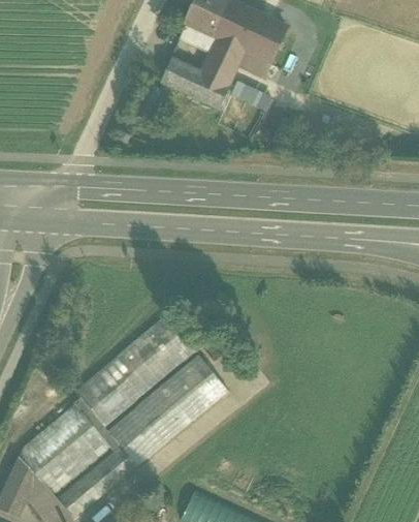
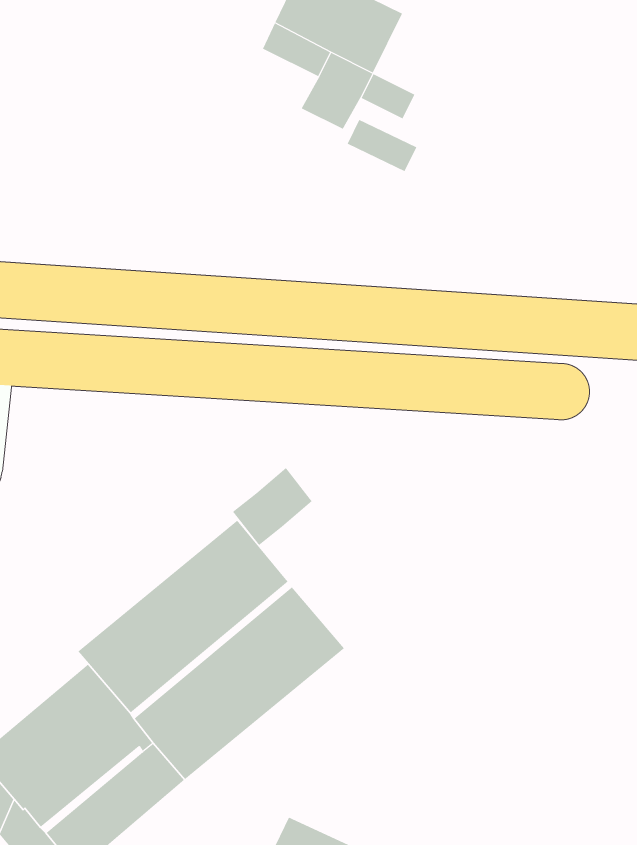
building: [245,18,287,65] -> none
building: [162,59,227,111] -> none
building: none -> [232,467,312,546]

